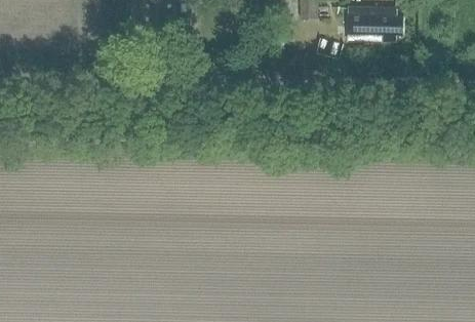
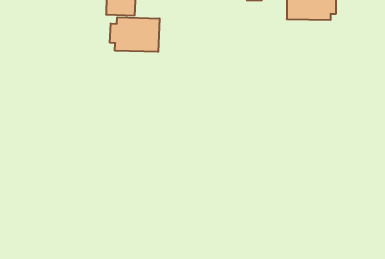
building: none -> [110,17,160,52]

